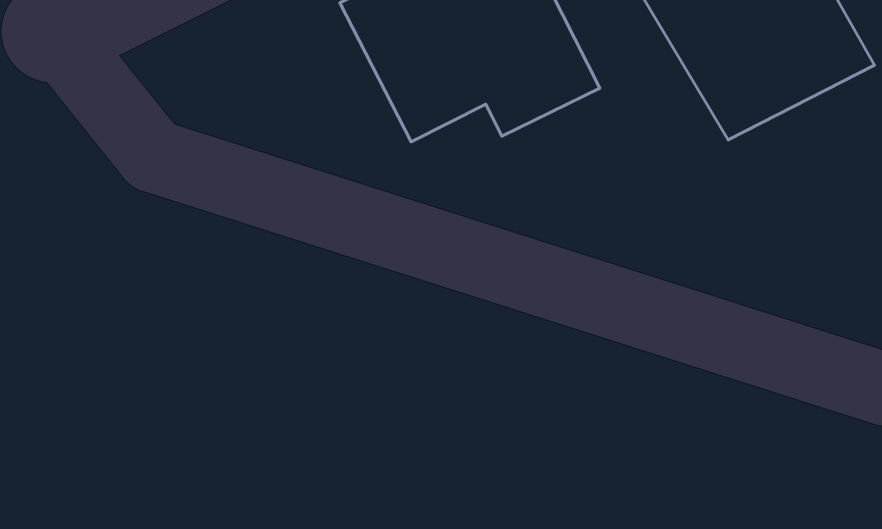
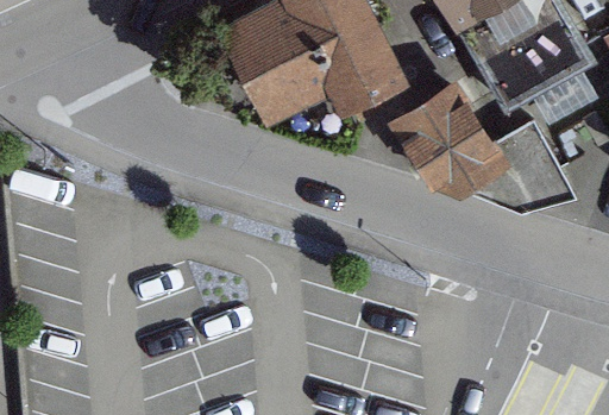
building: none -> [383,77,566,212]

